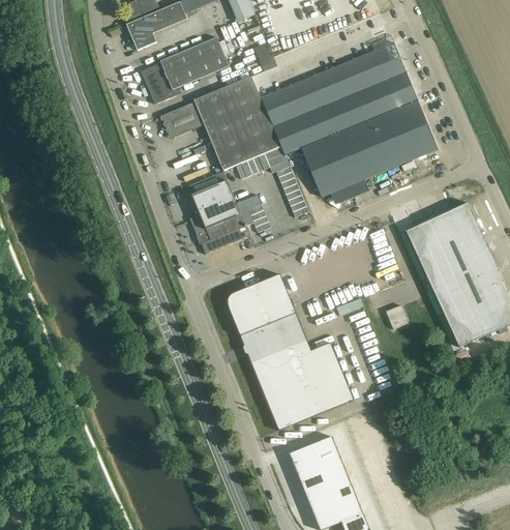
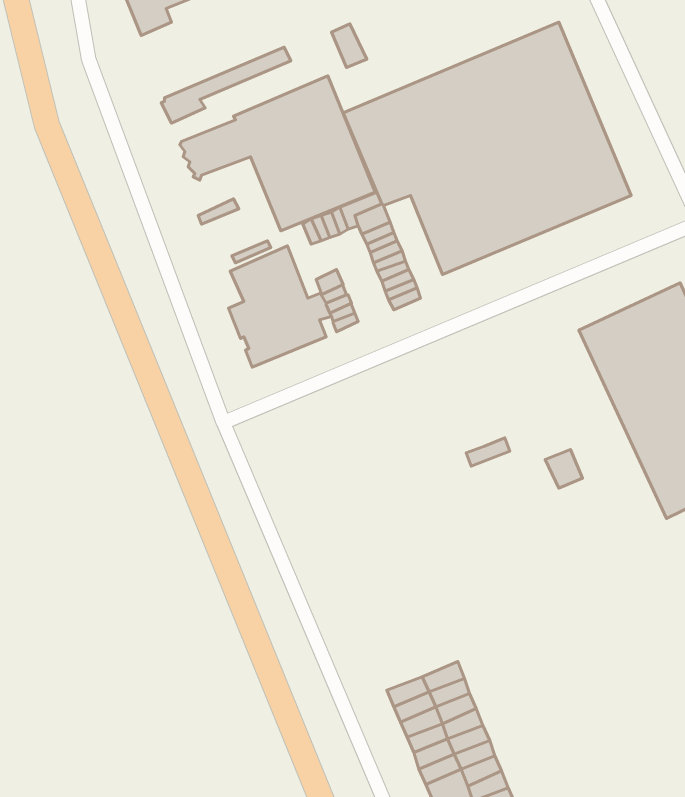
building: [141,36,224,88] -> none
building: [228,273,354,430] -> none

